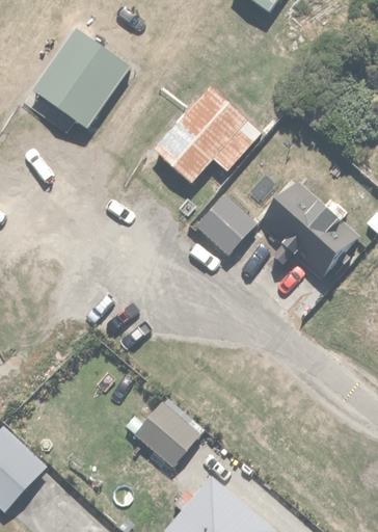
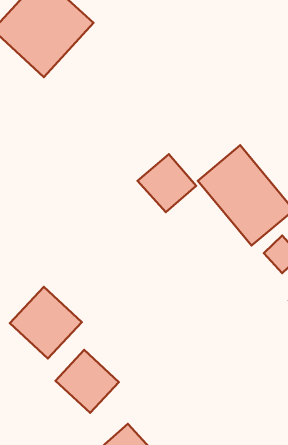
building: [153,86,263,184] -> none
building: none -> [10,287,82,358]

